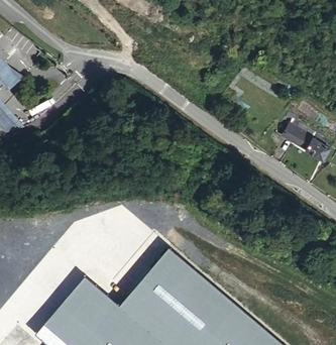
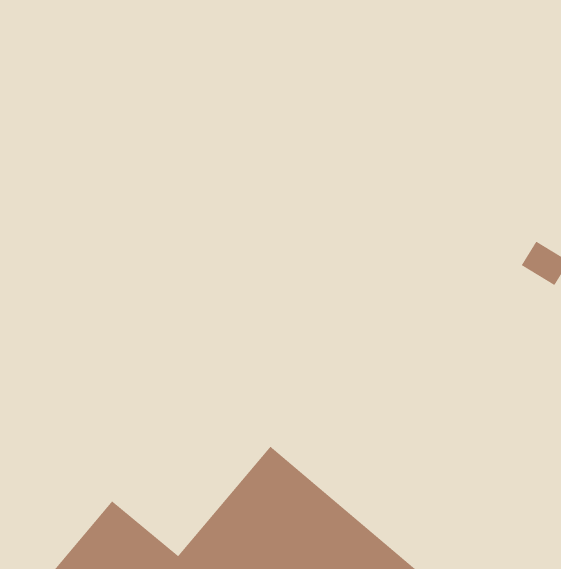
building: [282,124,312,150] -> none

